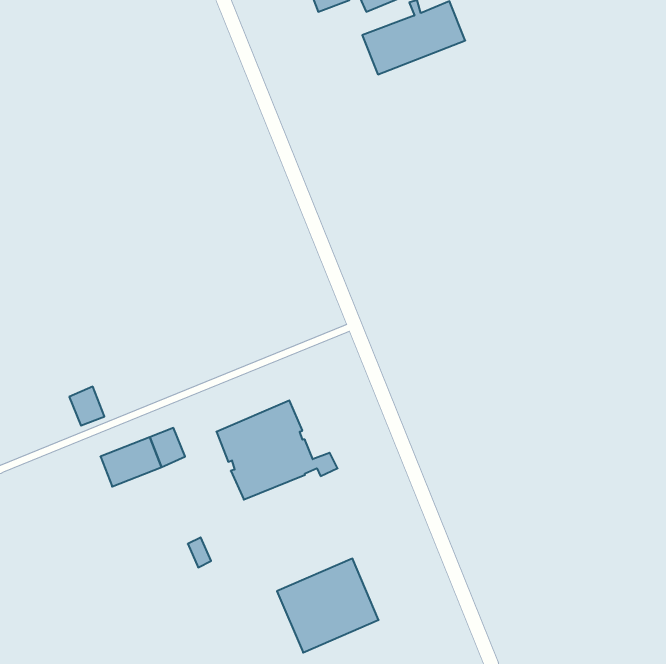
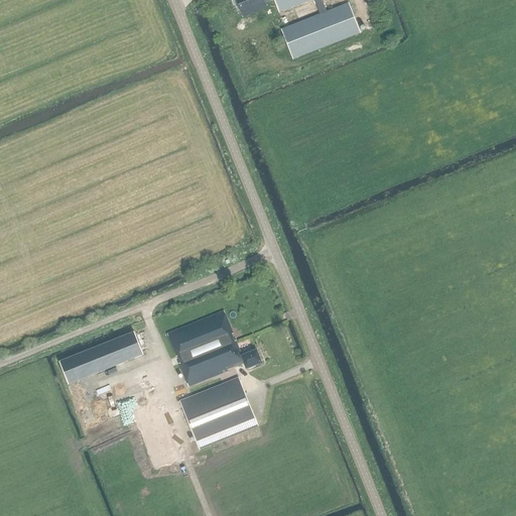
building: [69,387,104,426] -> [59,353,87,383]
building: [277,559,379,653] -> [179,377,258,449]

